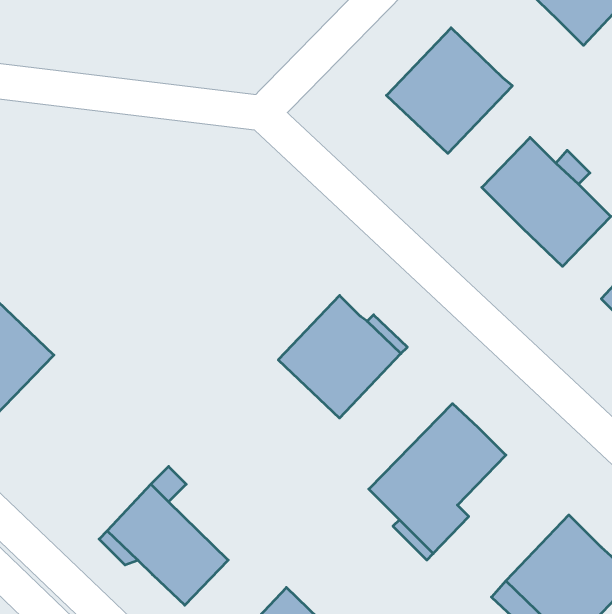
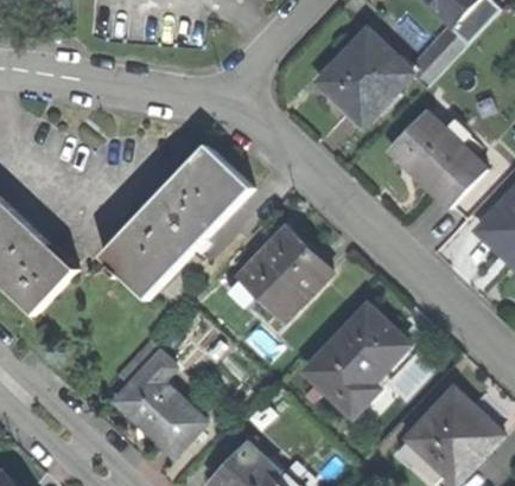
building: none -> [405,25,464,85]
building: none -> [100,145,253,296]

